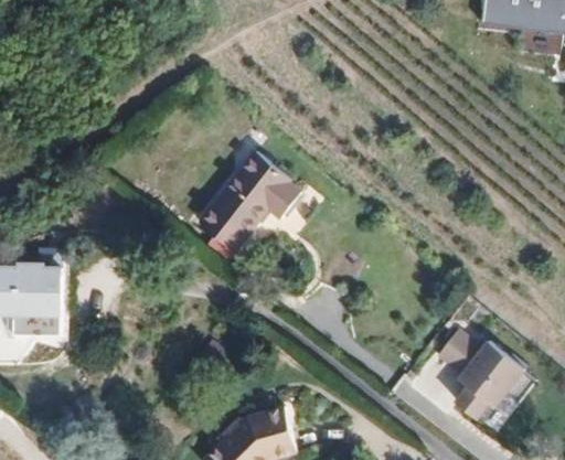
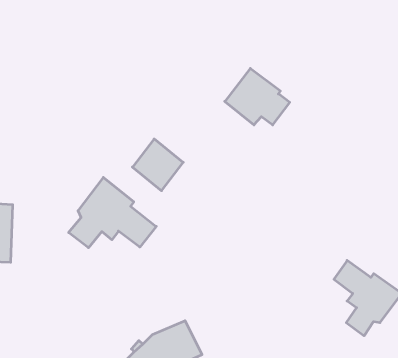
building: [233,154,309,221] -> [225,68,290,125]
building: none -> [69,177,156,248]

